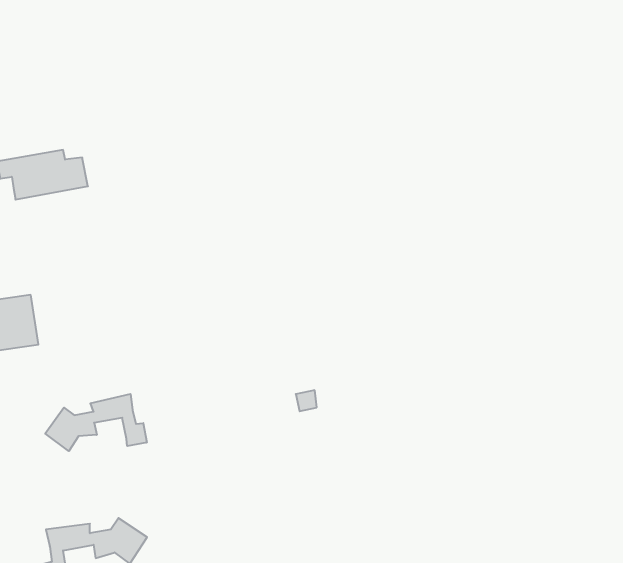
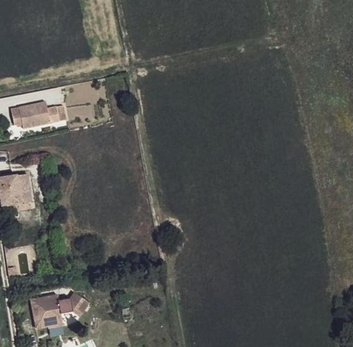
building: [45,394,147,451] -> none

